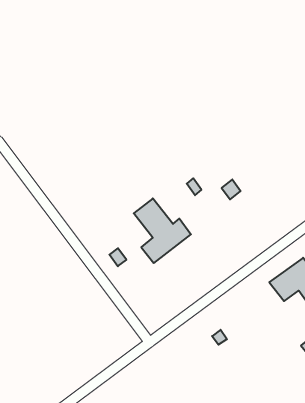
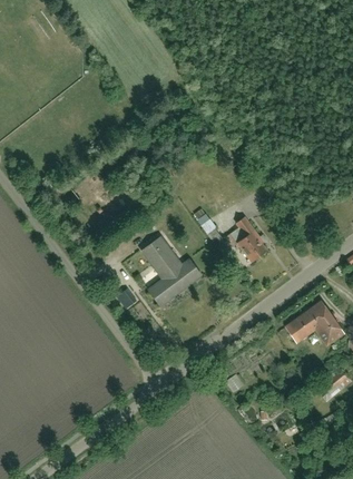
building: none -> [235,231,269,265]

